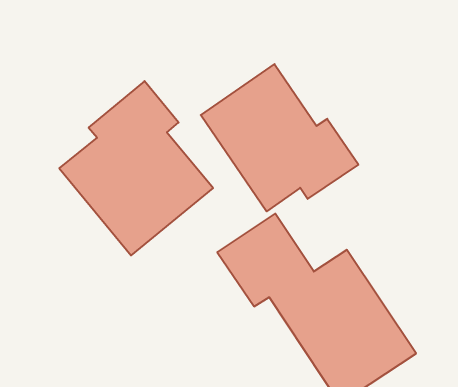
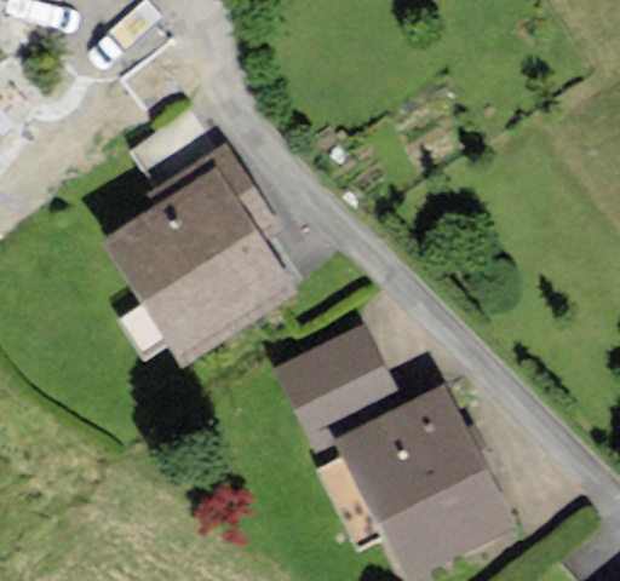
building: [201,64,358,211] -> none

